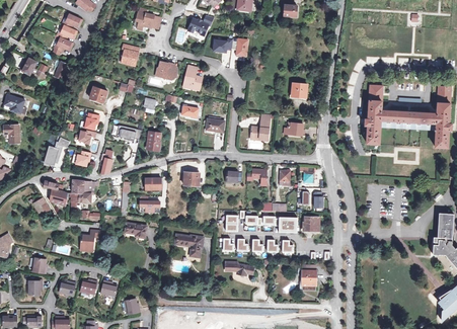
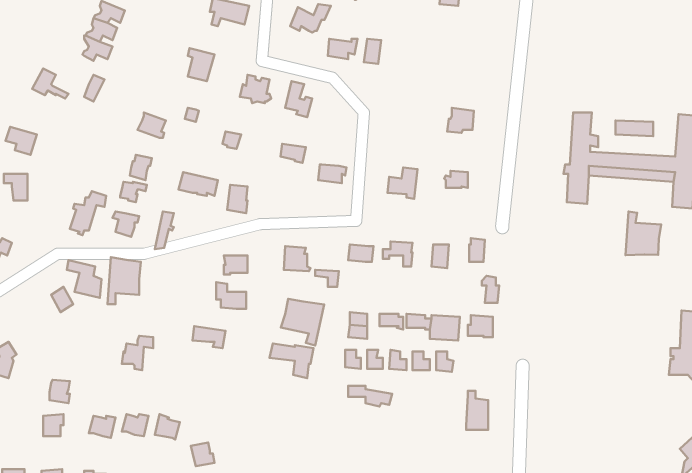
building: none -> [625,212,661,255]
building: none -> [281,299,324,345]

